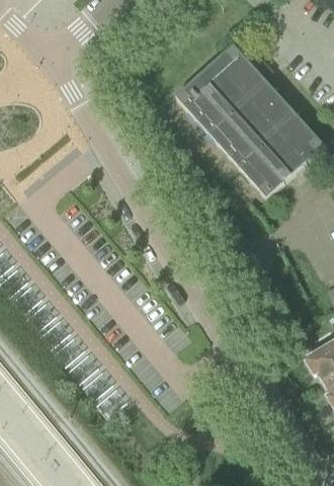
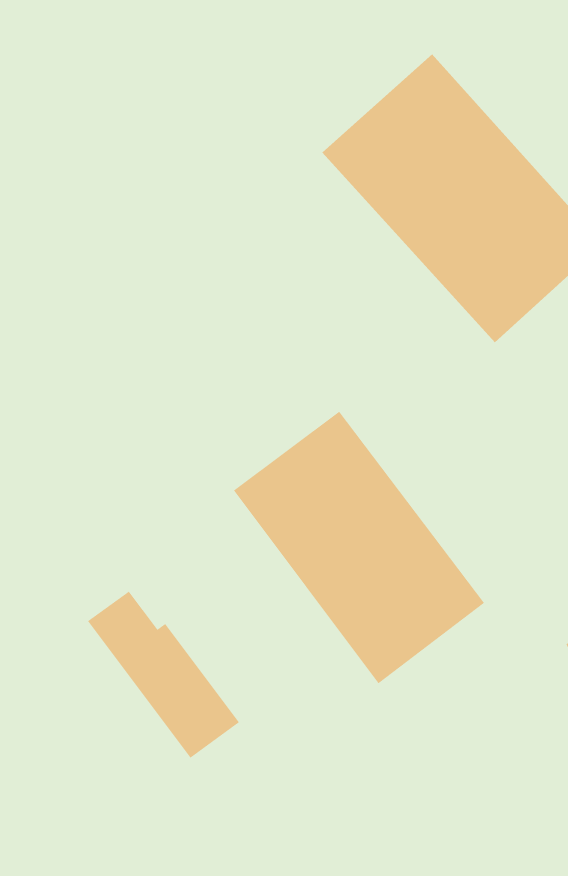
building: none -> [233,411,485,684]

